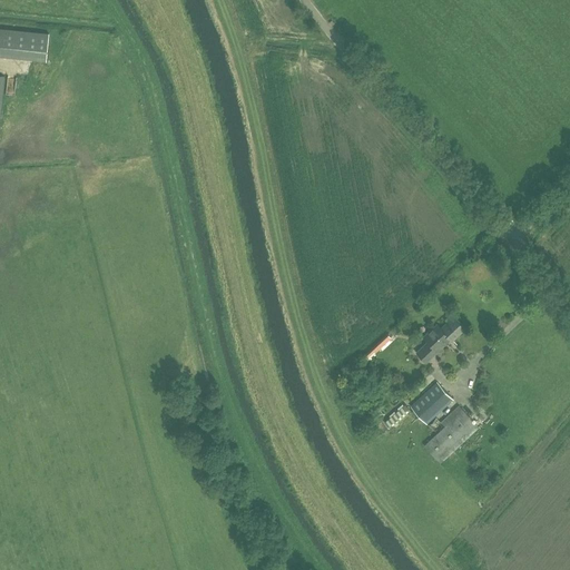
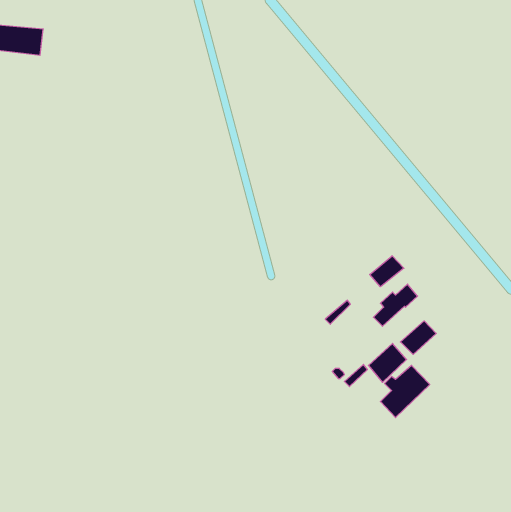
building: none -> [370,256,404,287]
building: none -> [400,321,436,354]

